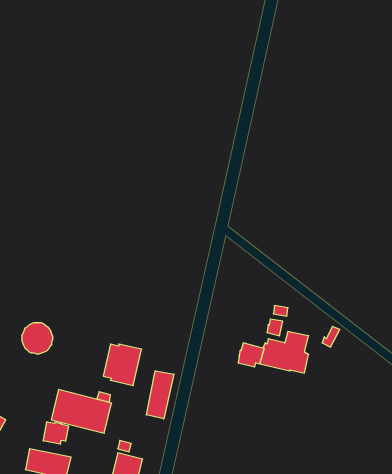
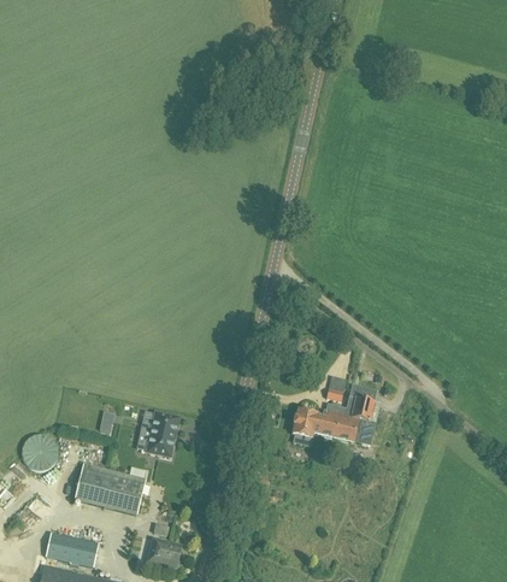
building: [22,323,53,354] -> [20,435,57,471]
building: [146,371,174,419] -> none
building: [43,422,69,444] -> none

